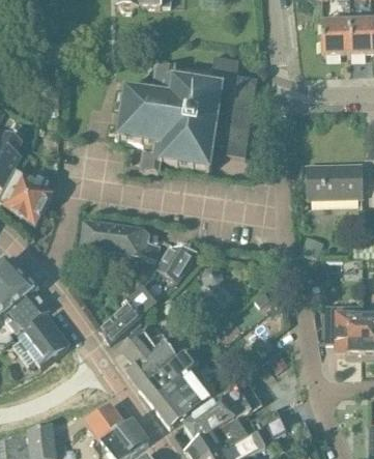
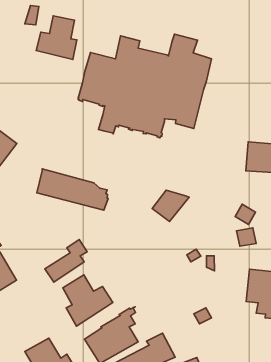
building: none -> [36,16,77,60]
building: [156,247,196,281] -> [152,190,189,222]
building: [140,336,212,401] -> none

